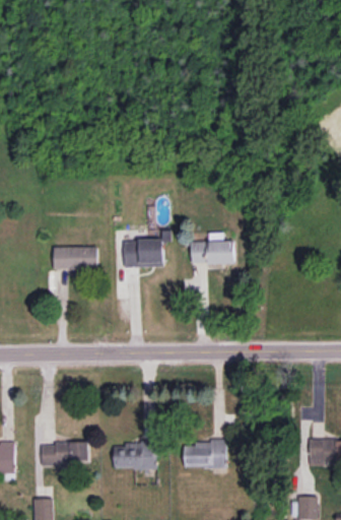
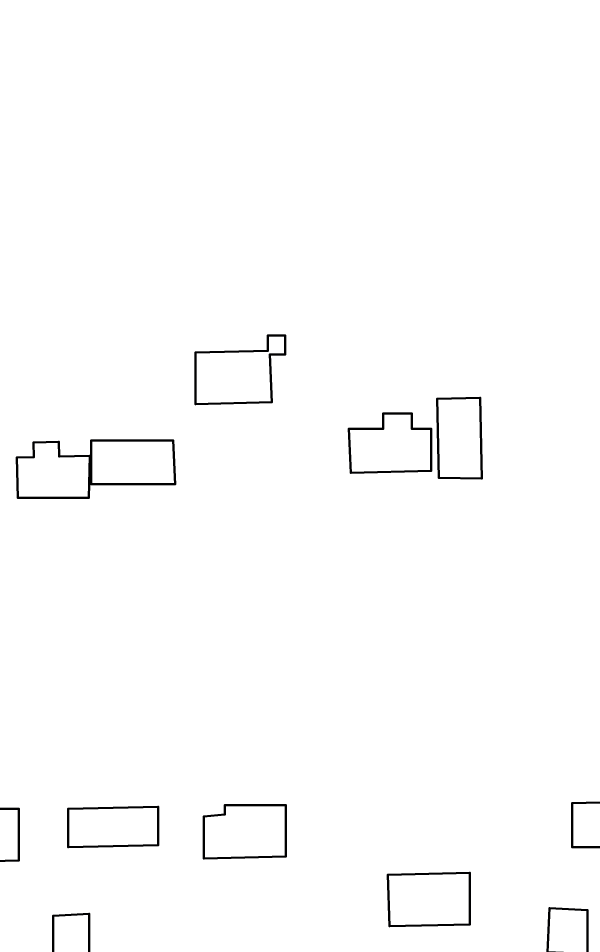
building: none -> [437,398,482,479]
building: [123,231,171,267] -> [195,335,285,404]
building: none -> [17,442,90,498]
building: [183,440,226,468] -> [388,873,470,926]

